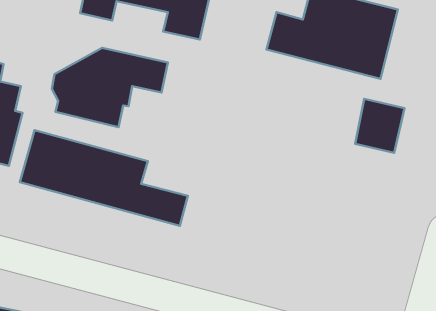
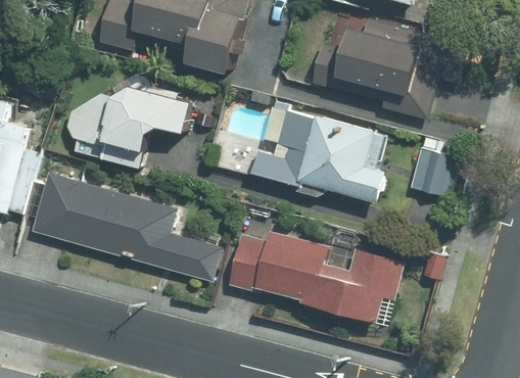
building: none -> [249,103,389,203]
building: none -> [223,226,401,325]

